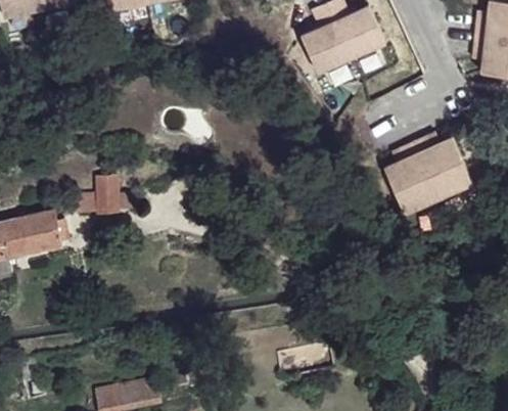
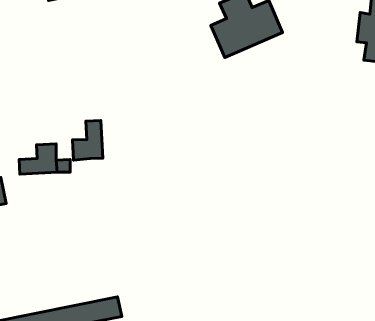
building: [383,138,472,217] -> none
building: none -> [72,121,103,160]

